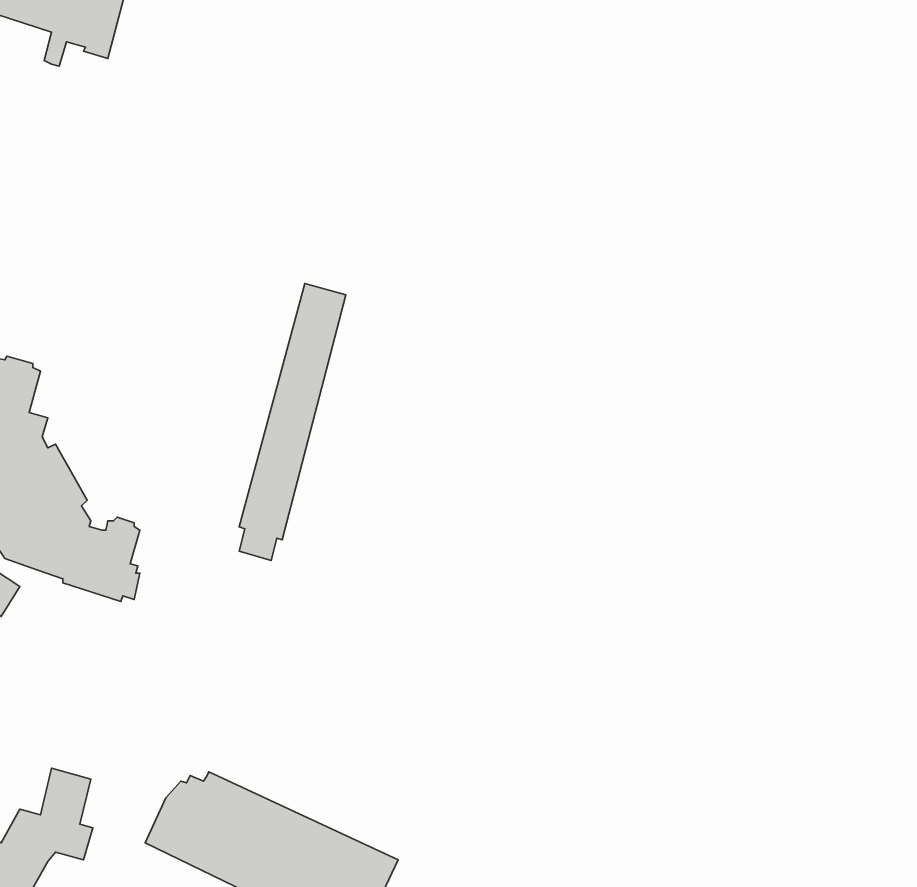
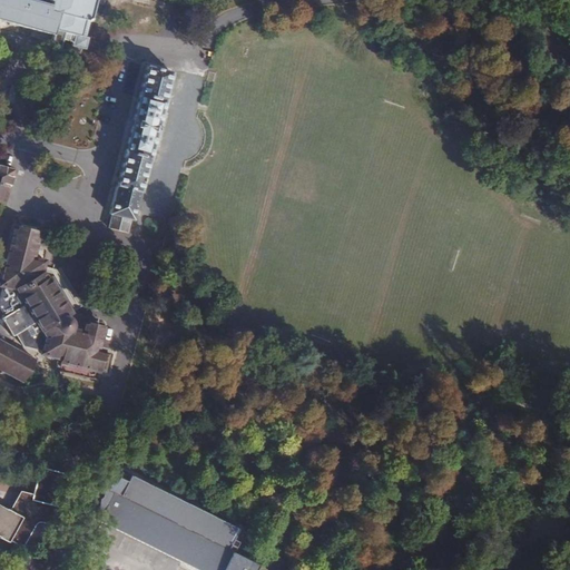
building: [239,284,346,561] -> [108,65,171,229]

